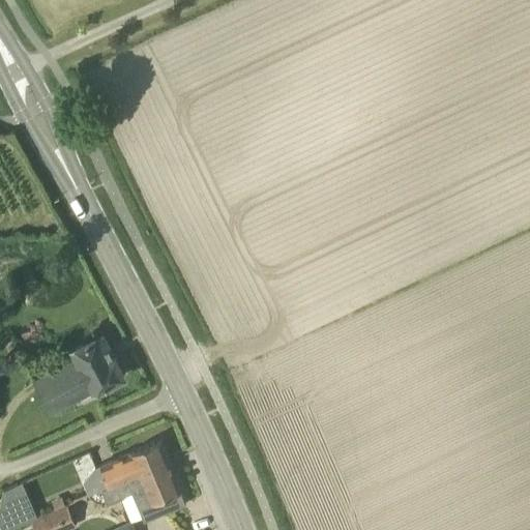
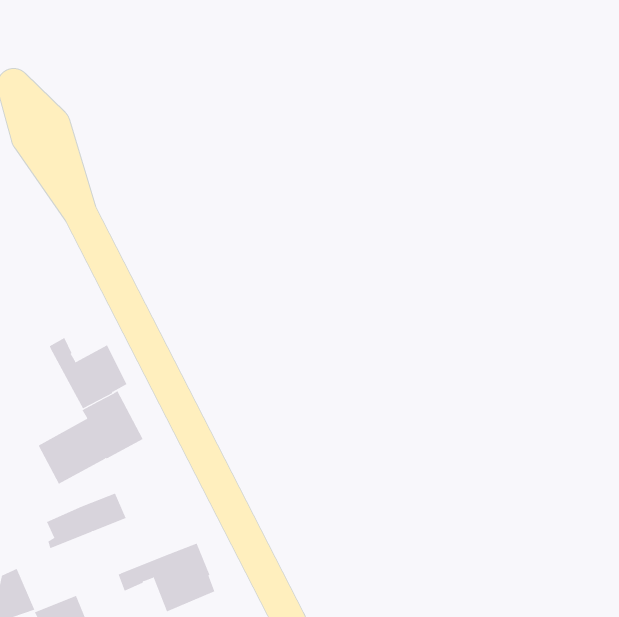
building: none -> [49,337,127,409]
building: [99,444,168,492] -> [46,493,126,549]

